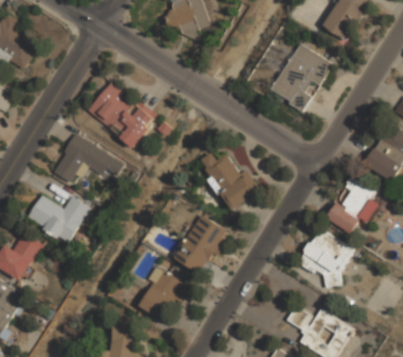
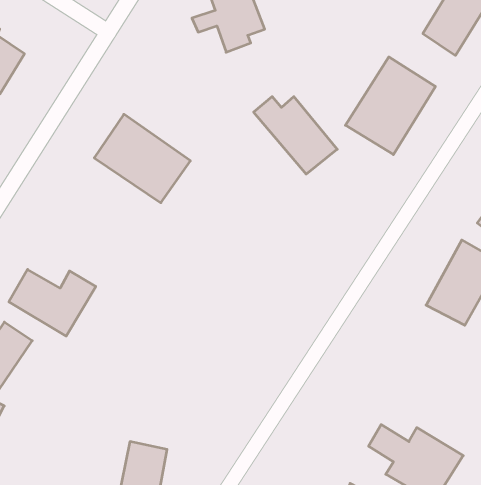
building: [52,135,124,184] -> none
building: [198,152,258,208] -> [254,97,337,174]
building: [173,212,229,275] -> none
building: [299,230,352,284] -> none
building: [138,267,192,319] -> none

